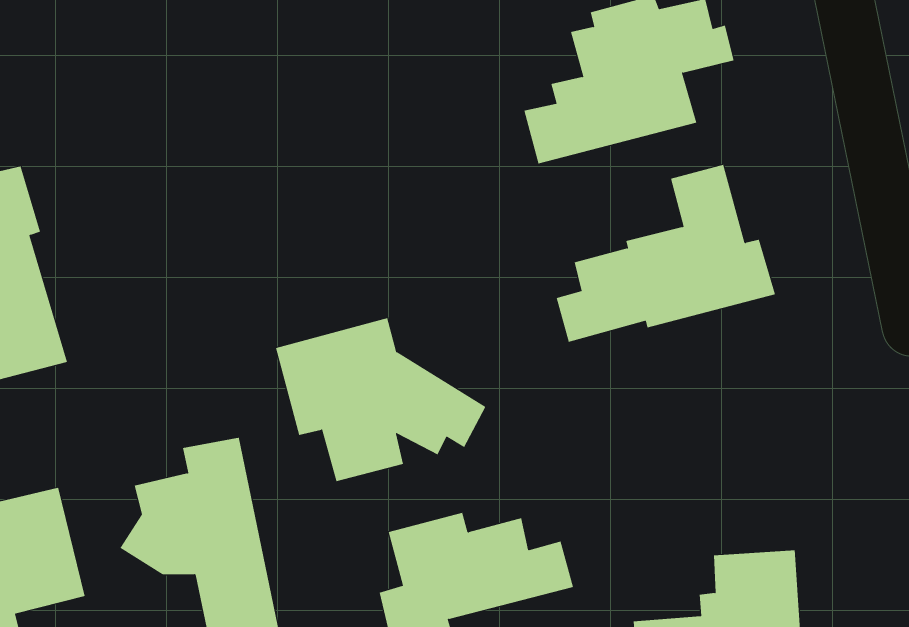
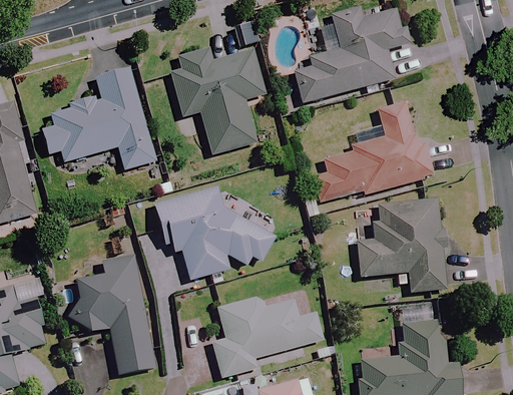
building: none -> [171,49,269,154]
building: none -> [43,69,157,168]
building: none -> [357,198,453,292]

